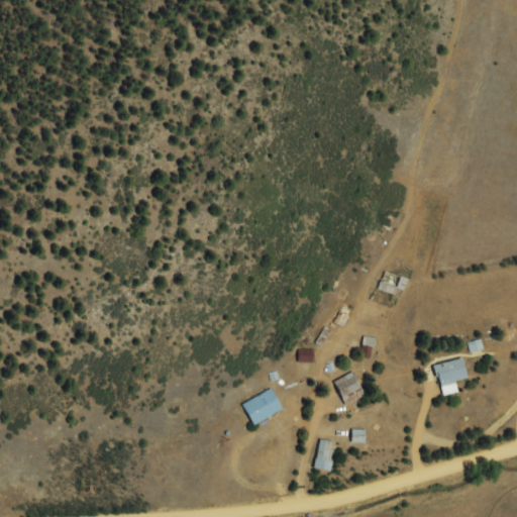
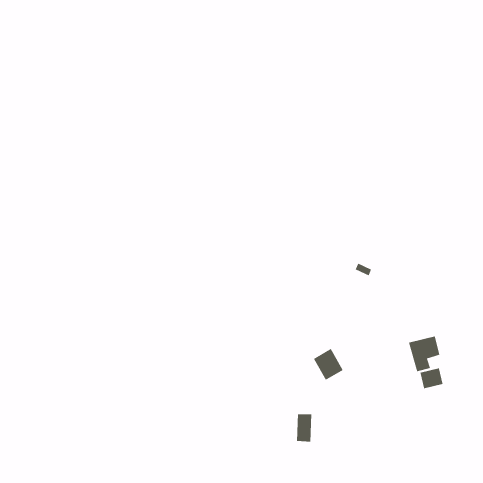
building: [242,387,284,426] -> none
building: none -> [420,367,443,389]

